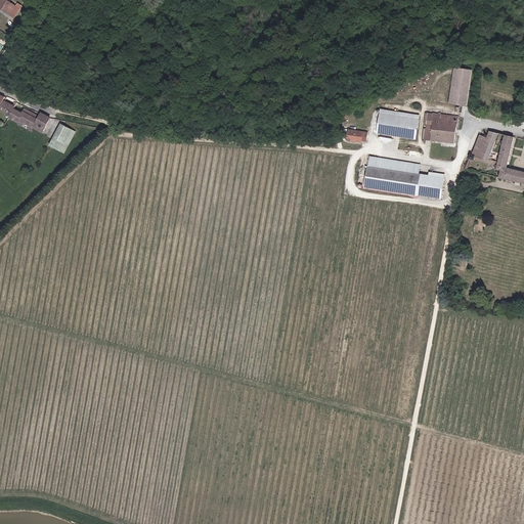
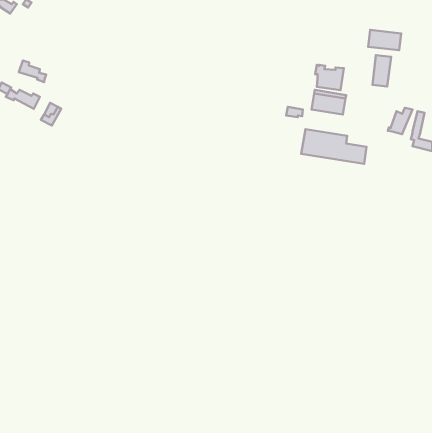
building: none -> [368,30,401,50]
building: none -> [19,60,46,82]
building: [422,112,456,142] -> [315,65,344,90]

